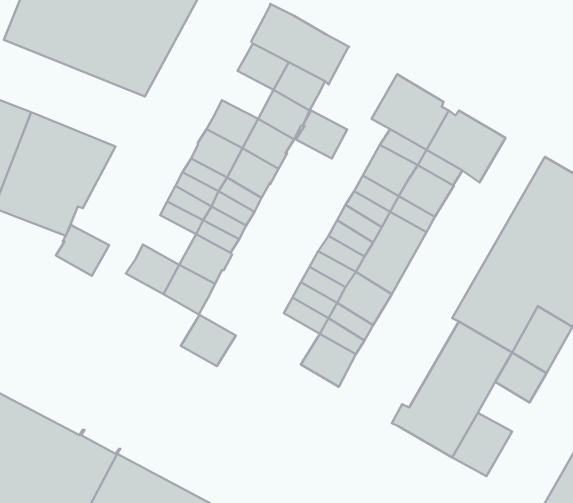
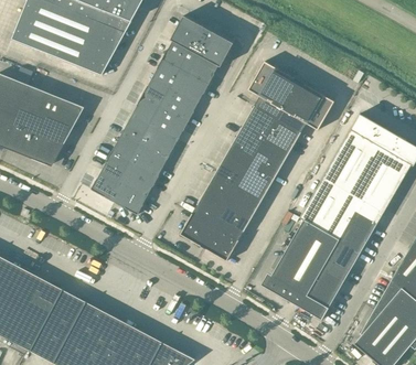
building: [296,110,347,159] -> [152,58,185,89]
building: [56,224,109,276] -> [102,150,136,183]
building: [181,315,236,366] -> [180,214,215,247]
building: none -> [317,258,350,290]

